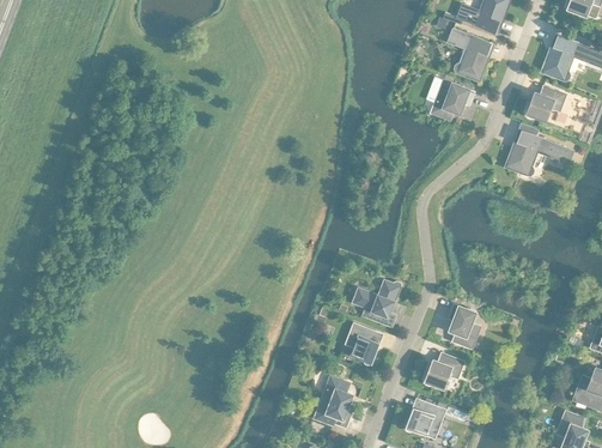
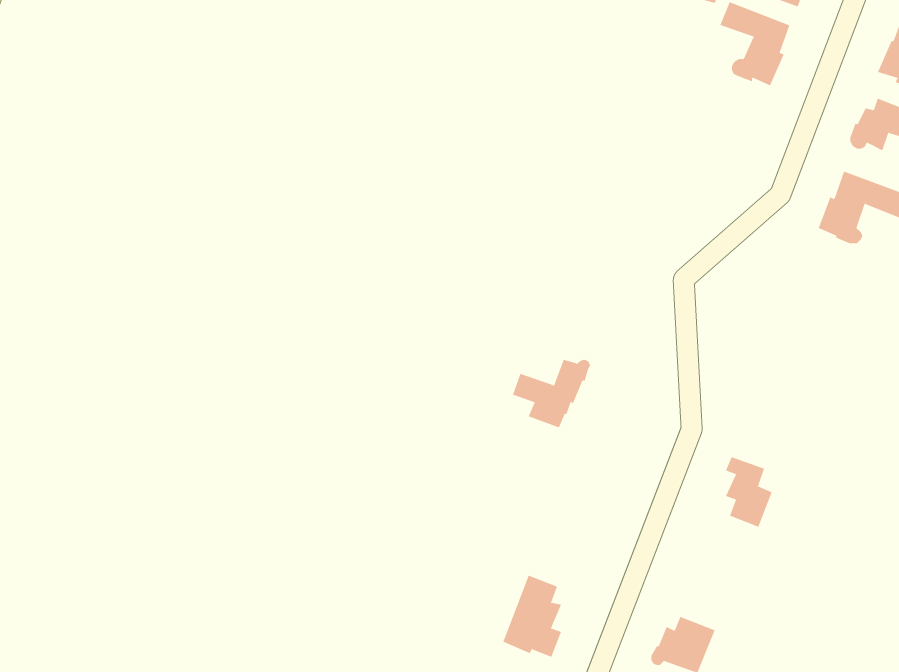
building: [431,84,473,119] -> none
building: [353,280,401,322] -> [512,359,591,428]
building: [346,323,381,364] -> none
building: [424,353,462,385] -> none

